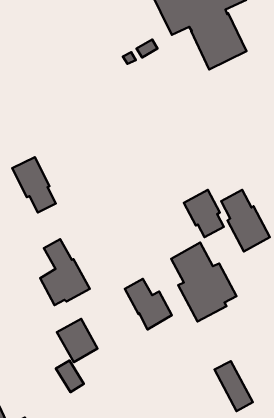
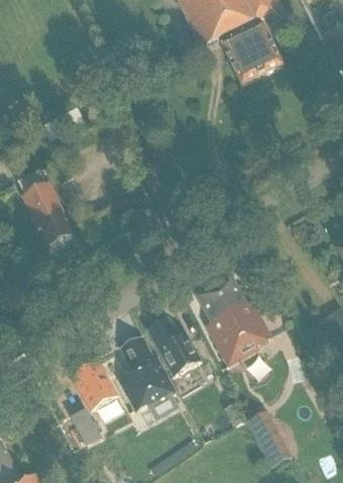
building: [221,190,270,251] -> none
building: [184,190,224,237] -> none
building: [40,239,90,305] -> [118,333,174,407]

